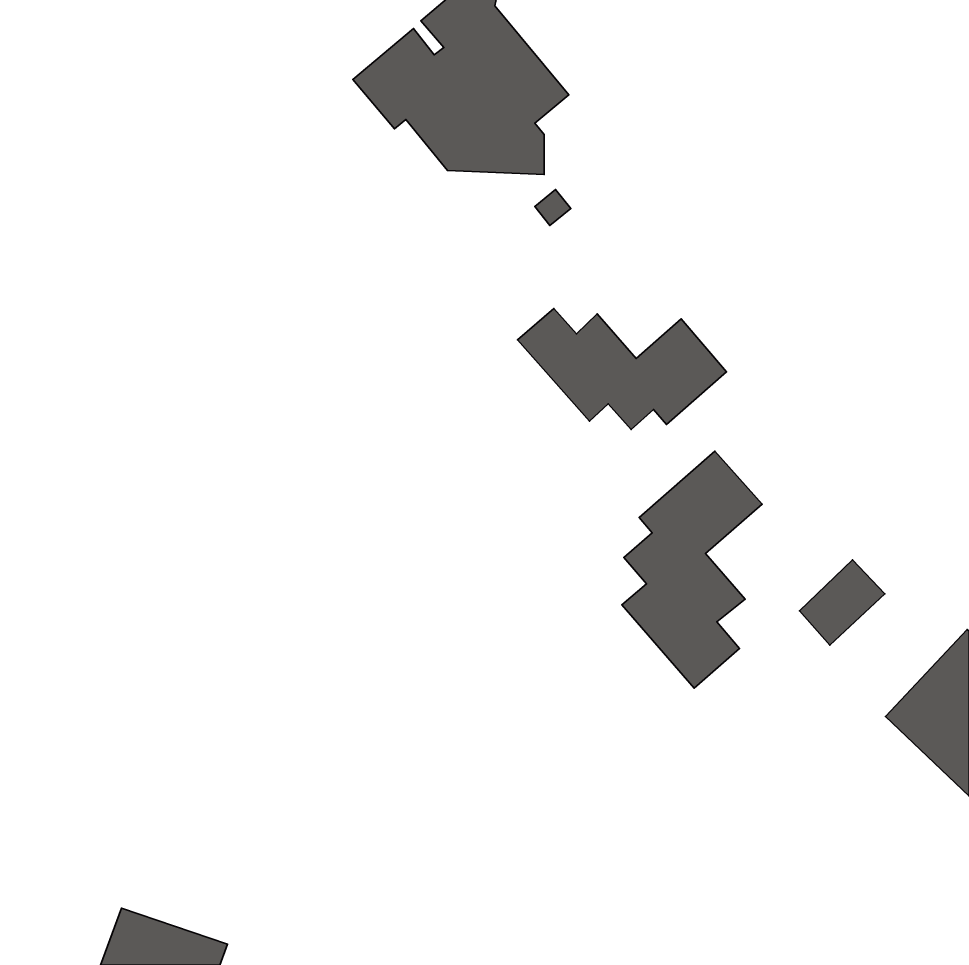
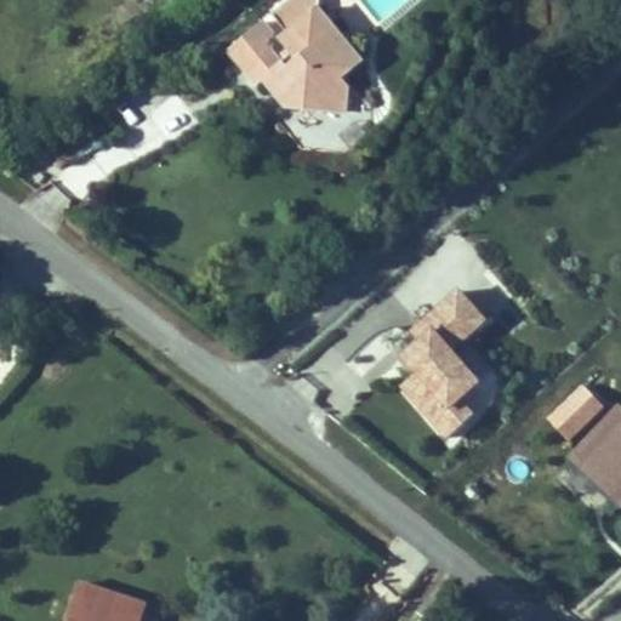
building: [518,308,727,429] -> none
building: [799,560,885,645] -> [548,383,603,438]

